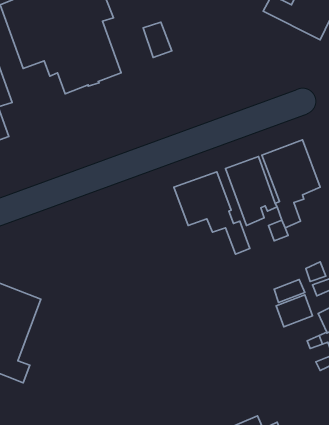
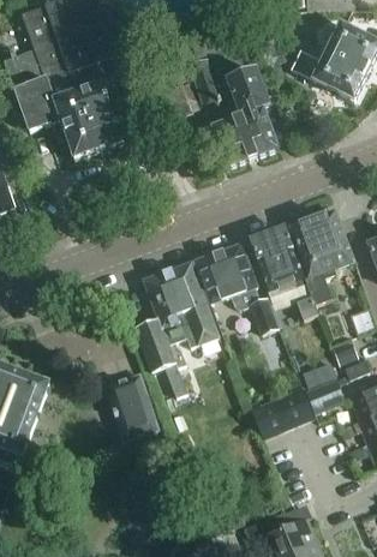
building: none -> [193,67,277,166]
building: none -> [133,260,217,395]
building: none -> [104,372,157,438]
building: none -> [252,390,313,436]

